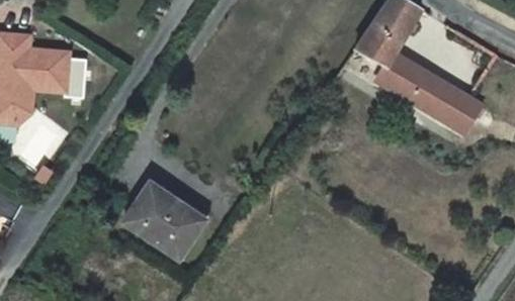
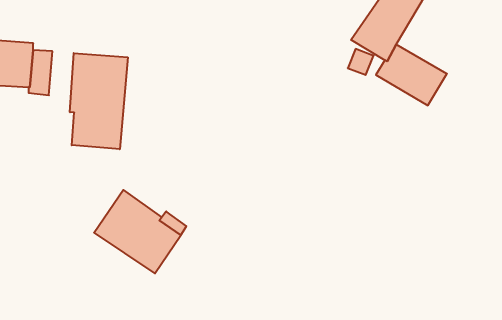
building: none -> [70,53,128,149]
building: [423,80,483,133] -> none

